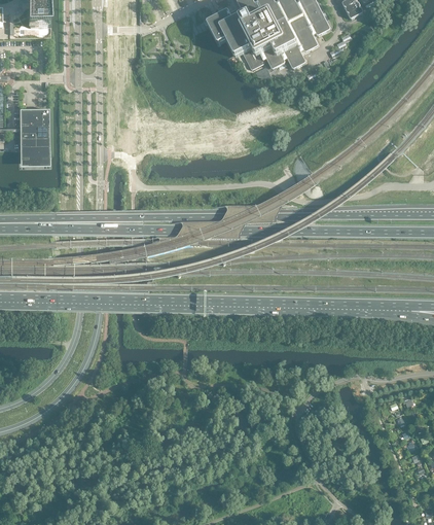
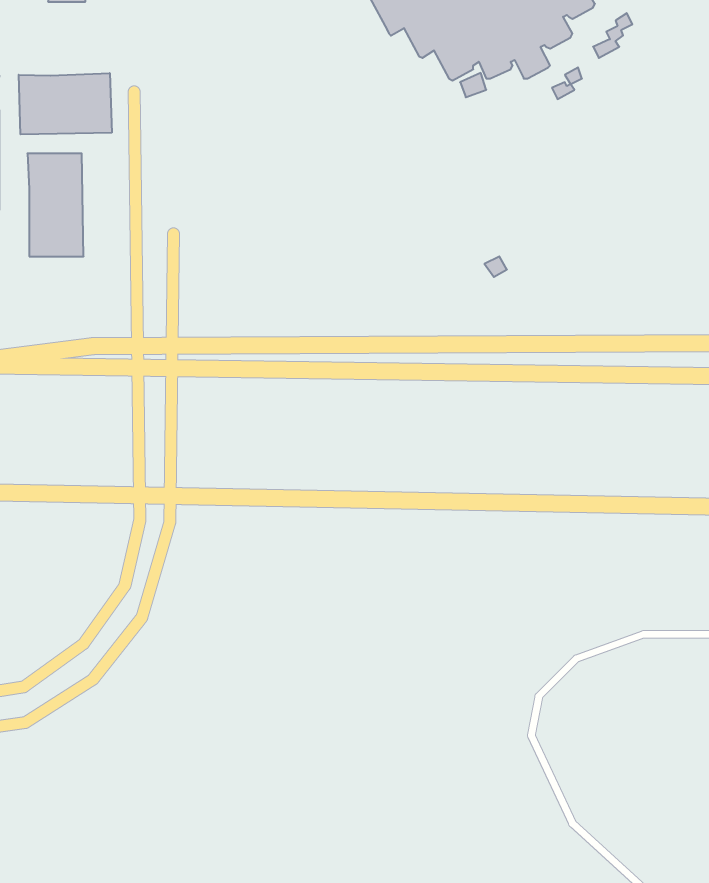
building: none -> [19,73,112,134]

